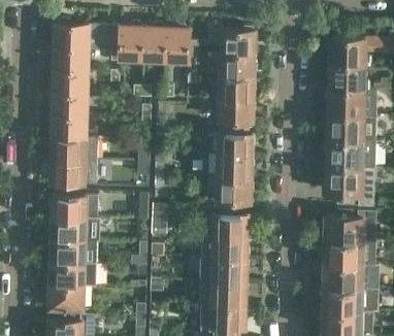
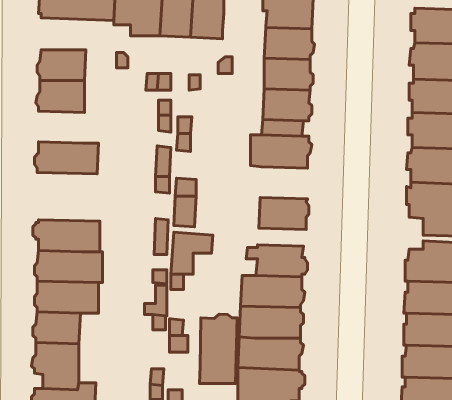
building: [53,45,108,69] -> none
building: [51,114,87,138] -> none
building: [217,156,254,179] -> none
building: [50,160,96,187] -> none
building: none -> [199,314,237,383]

